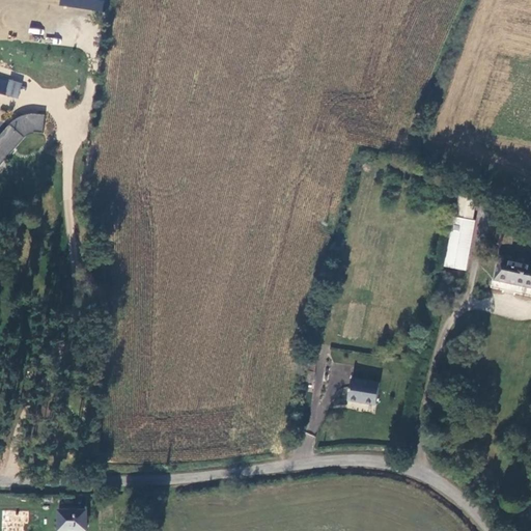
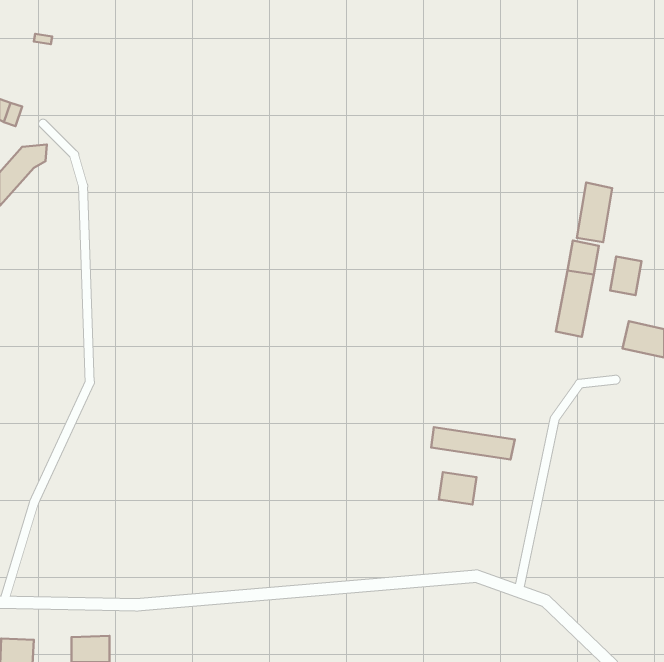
building: none -> [577,183,612,242]
building: none -> [610,257,641,295]
building: none -> [431,427,515,460]

